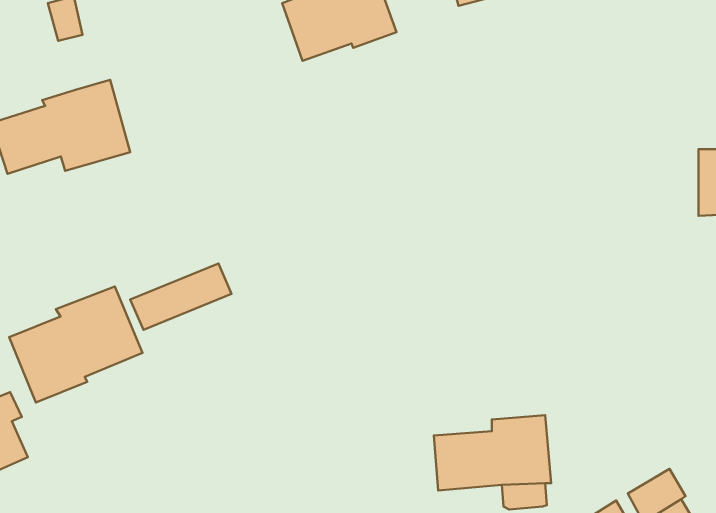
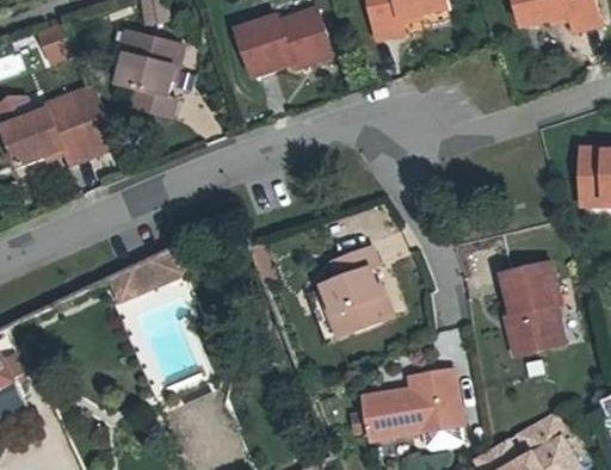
building: none -> [119,32,185,117]
building: none -> [309,251,394,345]
building: [9,286,143,402] -> none
building: none -> [498,267,563,360]

